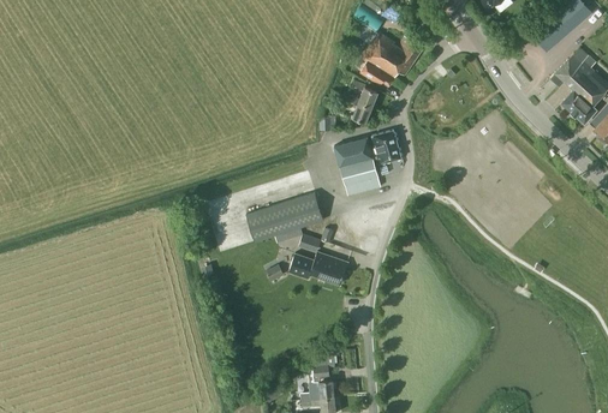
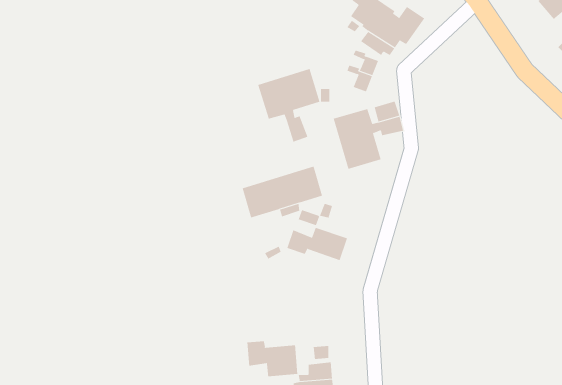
building: none -> [258,68,320,143]
building: none -> [247,340,298,377]

